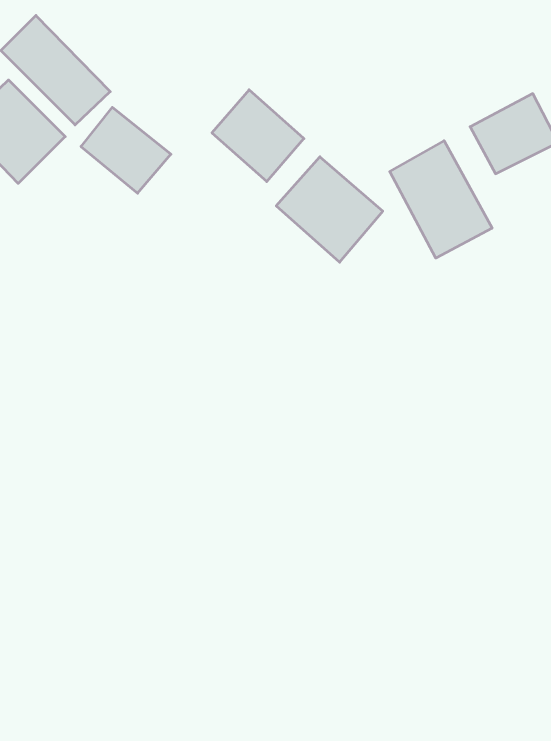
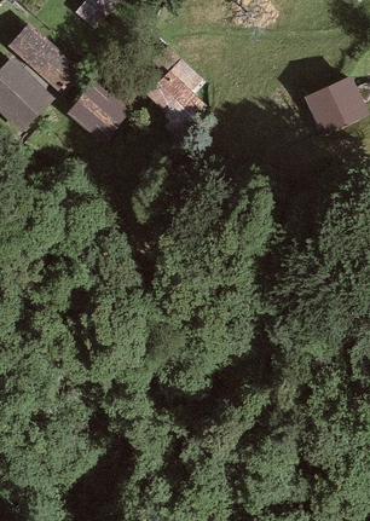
building: [390,141,492,258] -> none
building: [276,157,383,262] -> none

